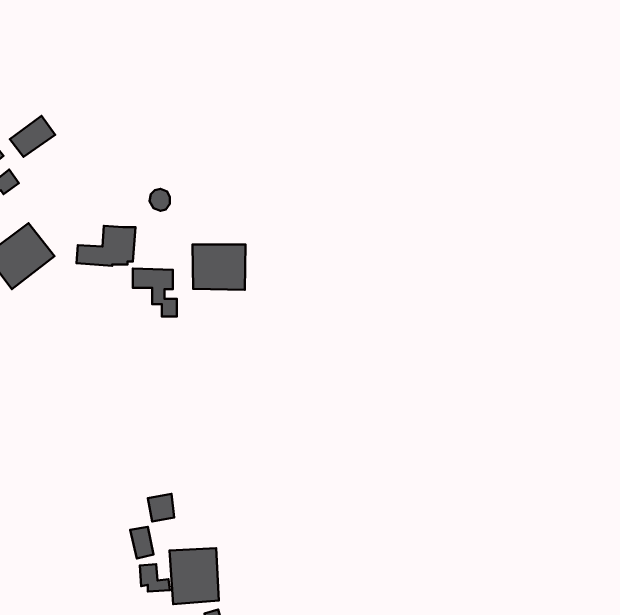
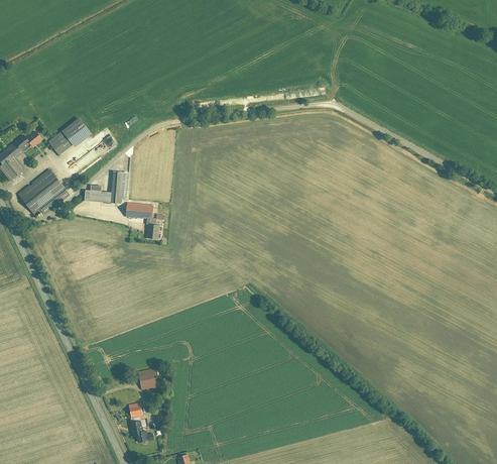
building: [10,116,55,157] -> [56,118,90,148]
building: [192,245,245,290] -> none
building: [169,548,219,604] -> none

